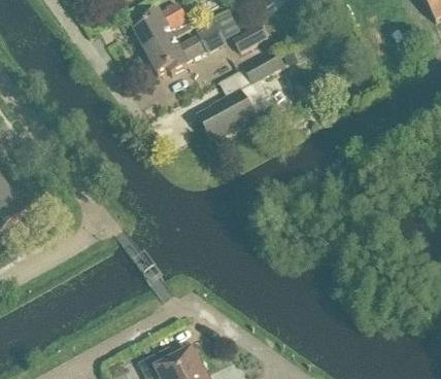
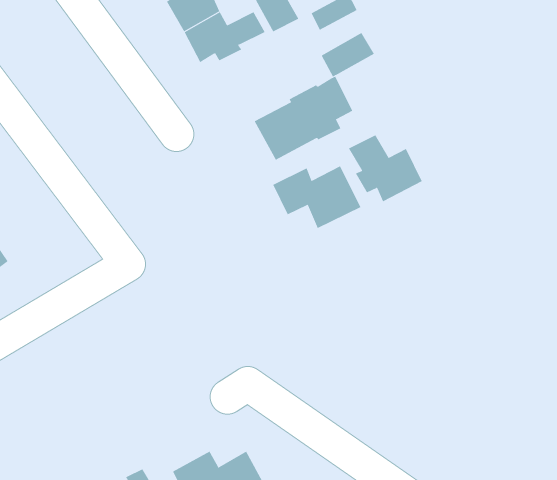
building: none -> [348,135,423,202]
building: none -> [273,165,361,229]

